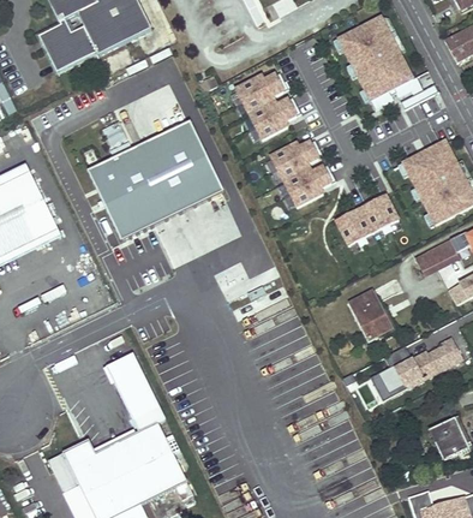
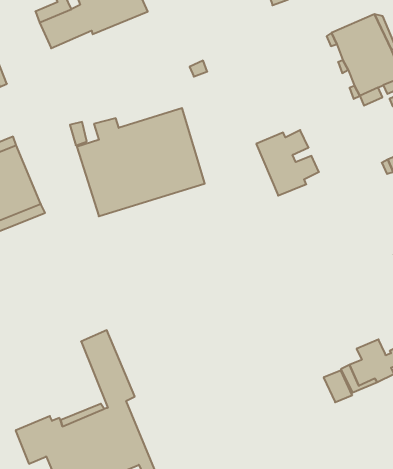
building: [235,71,300,138] -> none
building: [334,190,396,240] -> none
building: [349,290,390,338] -> none

